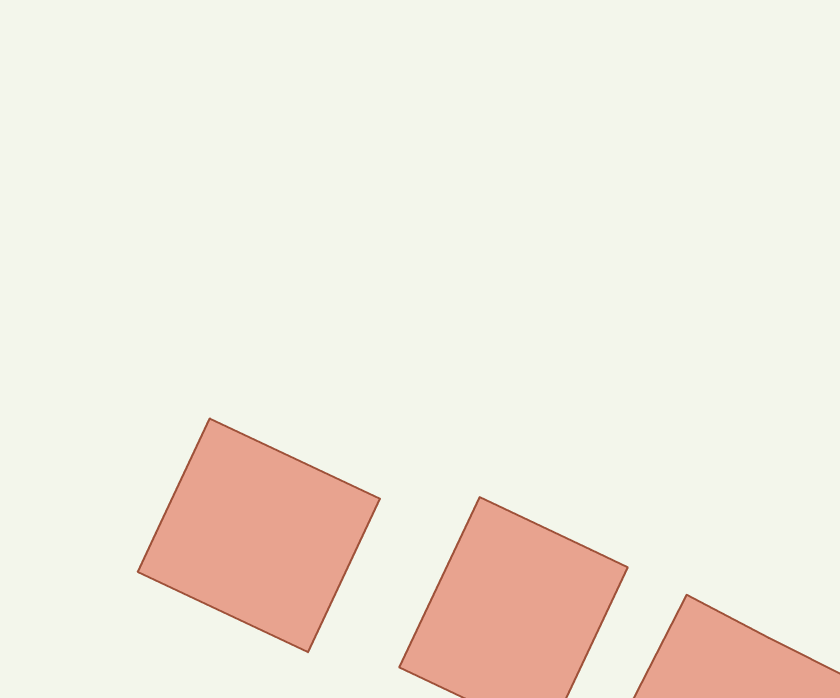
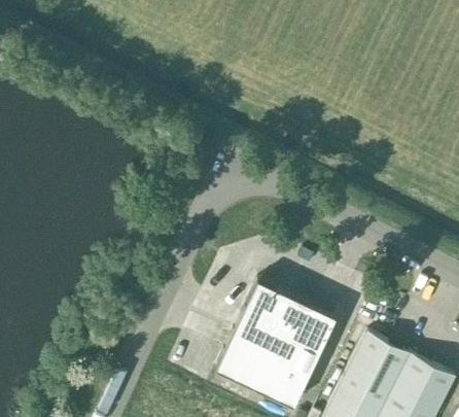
building: [138,418,380,652] -> none

